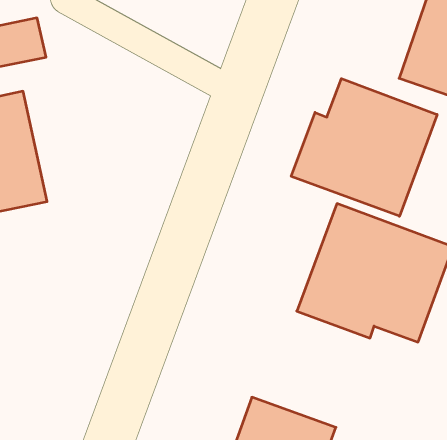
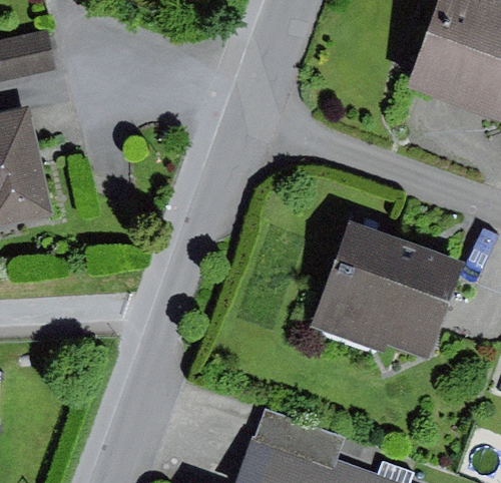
building: [291,79,437,216] -> none

